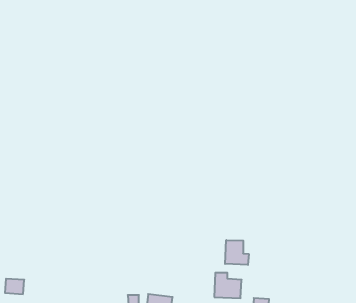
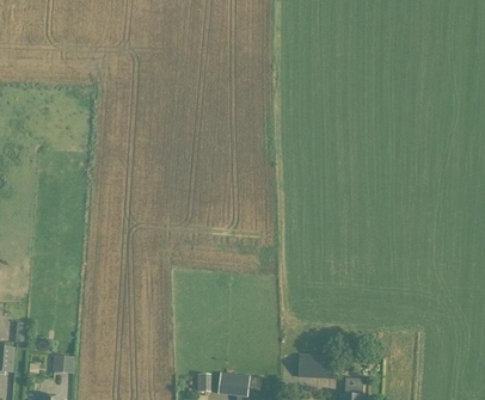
building: [225,240,249,265] -> none

